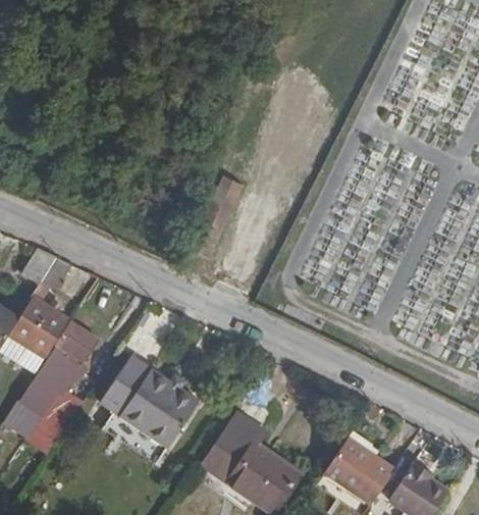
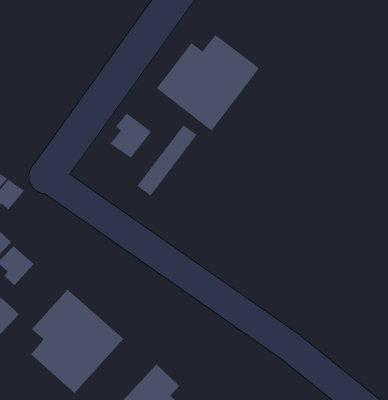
building: none -> [156,34,260,132]
building: none -> [110,112,152,158]

